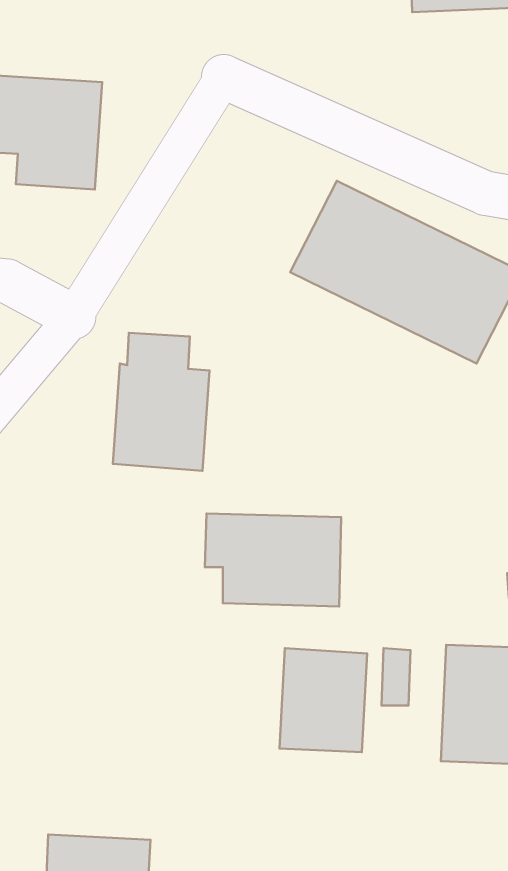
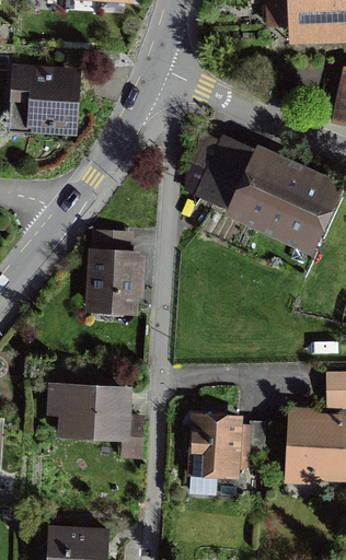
building: [205,513,341,607] -> [46,387,129,444]

